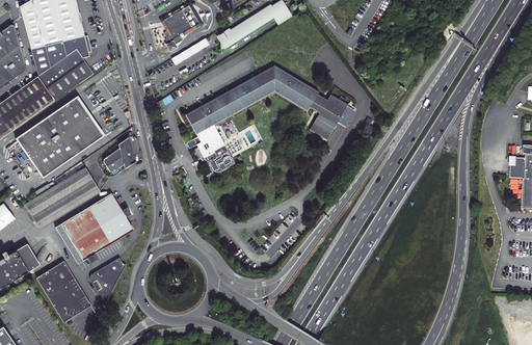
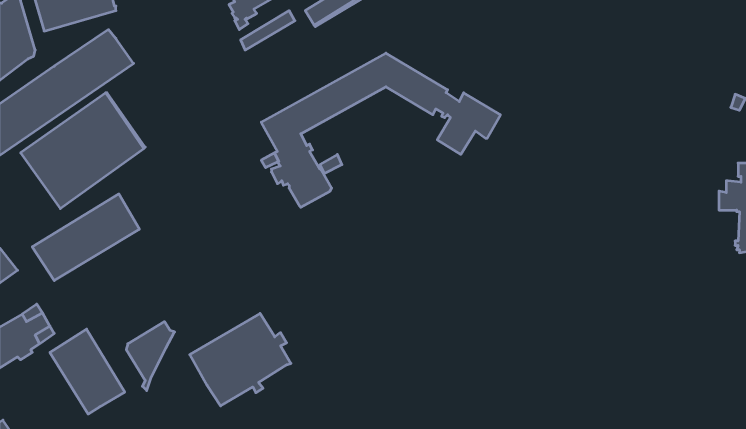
building: [32,34,89,75] -> none
building: [102,136,136,171] -> none
building: [62,192,134,258] -> [190,313,291,406]

